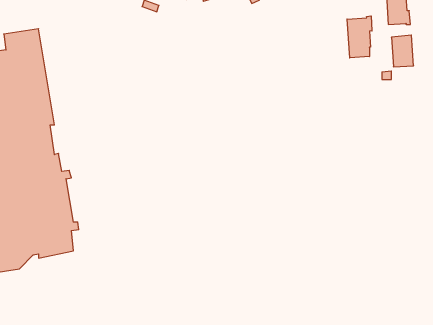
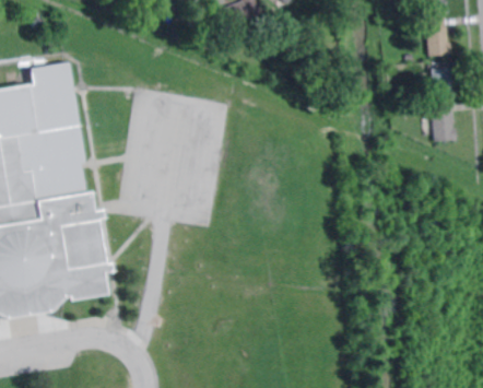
building: [347,16,372,58] -> none
building: none -> [433,111,458,141]

